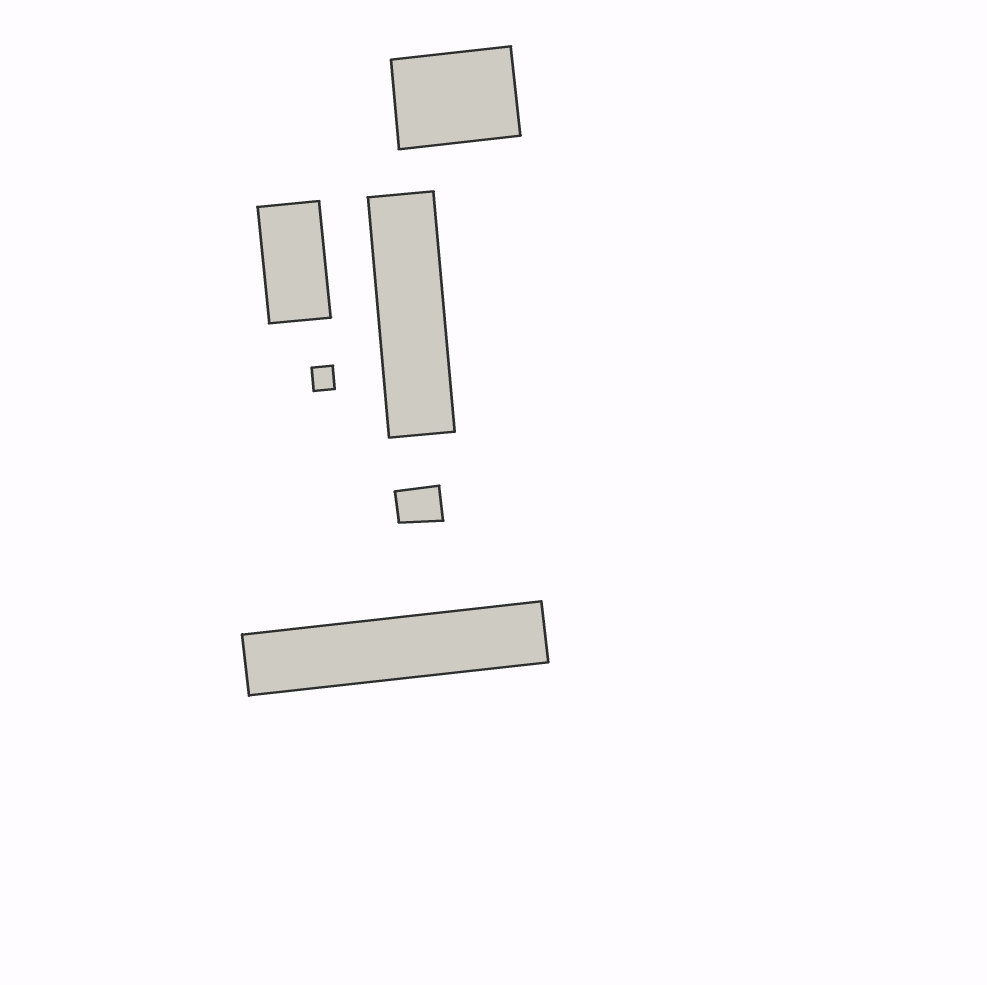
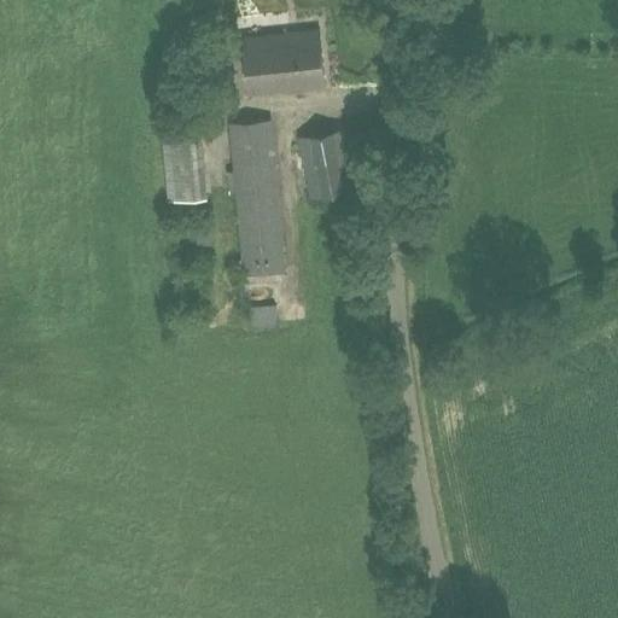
building: none -> [298,130,357,199]
building: [242,601,548,696] -> none

